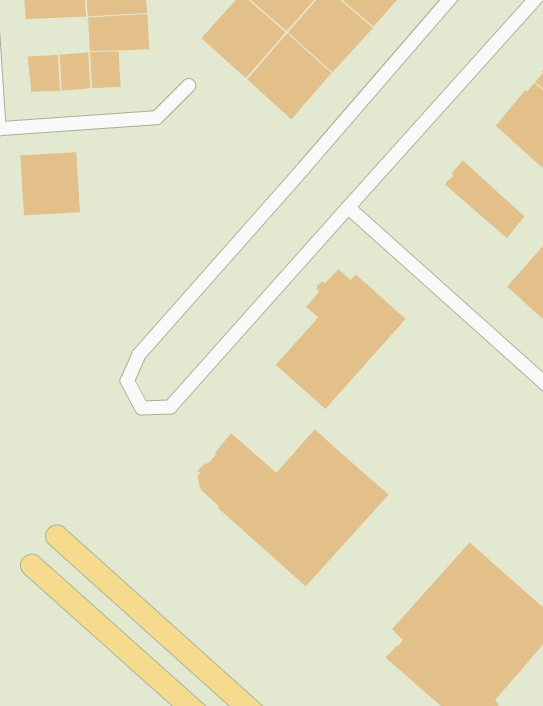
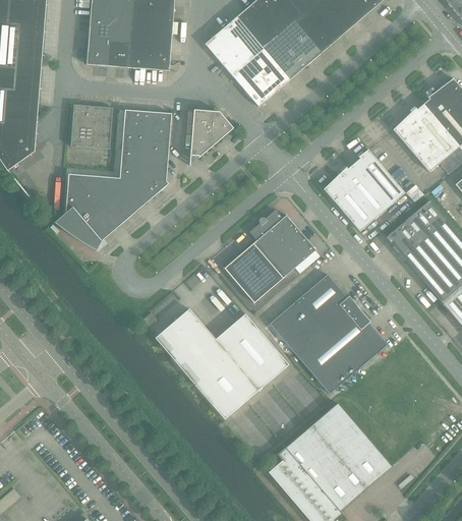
building: none -> [88,15,131,43]
building: none -> [148,45,170,71]
building: none -> [188,109,233,165]
building: none -> [53,110,171,250]
building: none -> [323,164,390,231]
building: none -> [269,274,387,394]

